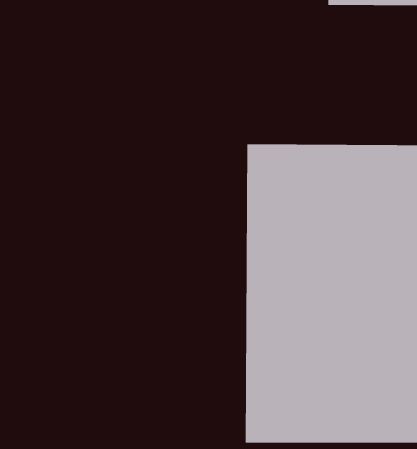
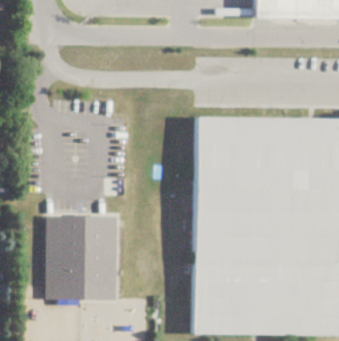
building: none -> [44,215,116,298]

